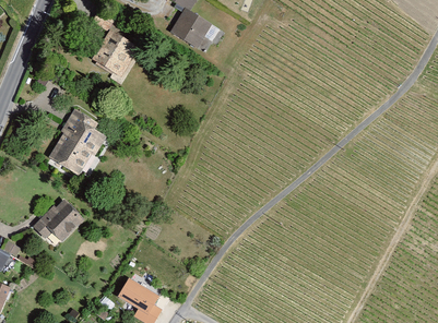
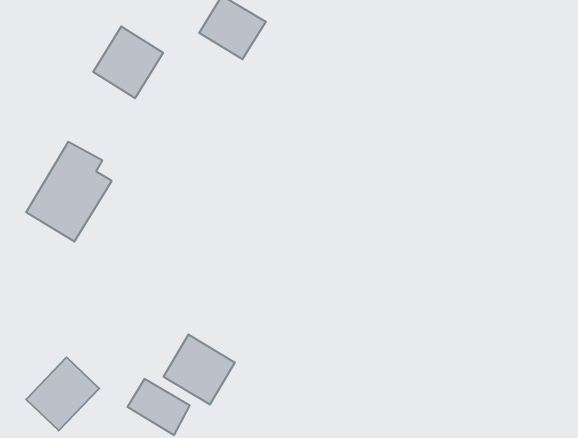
building: [32,198,83,249] -> [26,357,99,431]
building: none -> [164,334,235,405]

